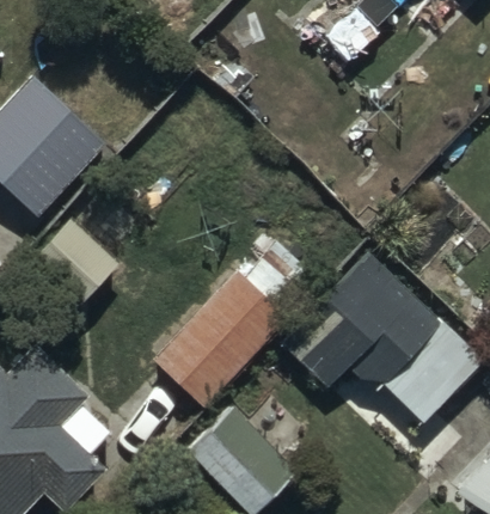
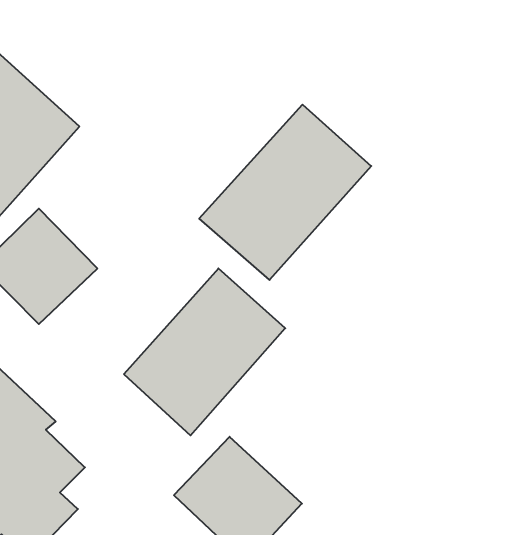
building: none -> [199,105,371,280]
building: [290,253,442,392] -> none

